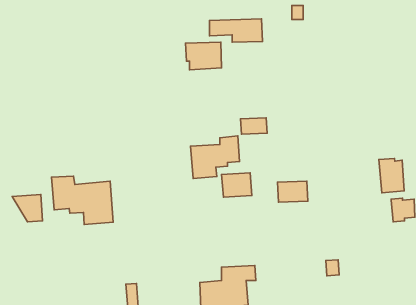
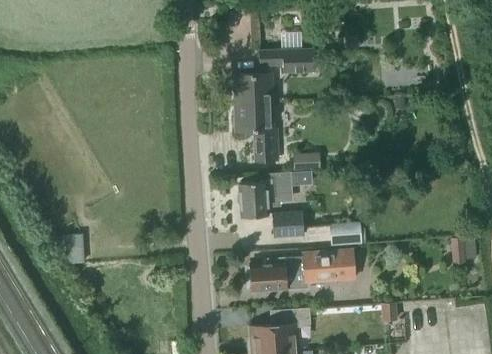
building: none -> [235,101,278,161]
building: [379,158,404,193] -> none
building: [52,176,113,224] -> none
building: none -> [245,250,354,291]

